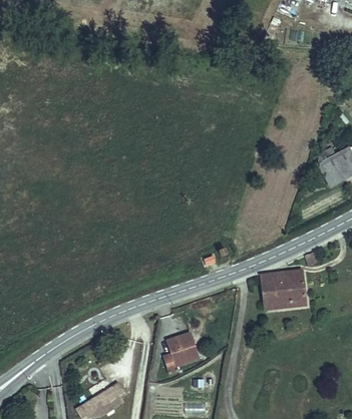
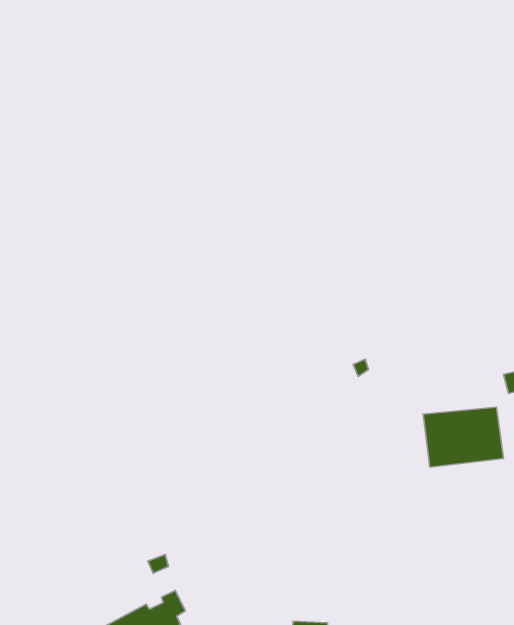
building: [160,337,194,379] -> none

